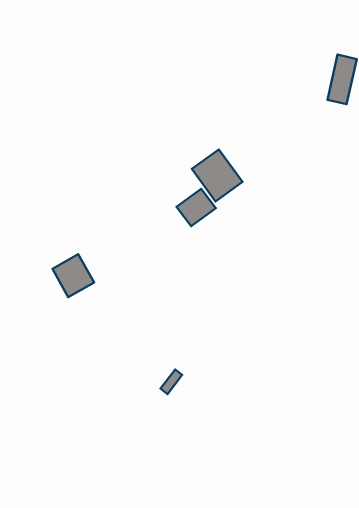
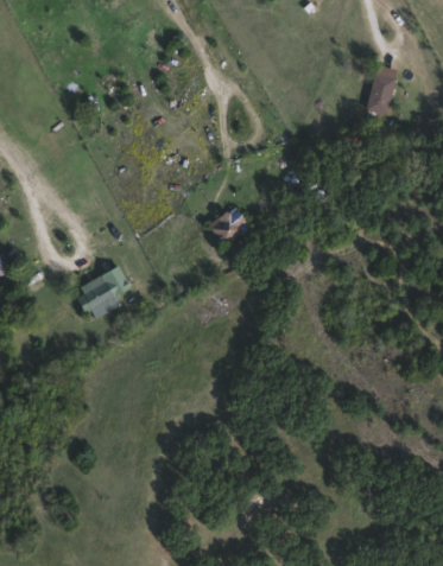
building: [192,149,242,201] -> none

